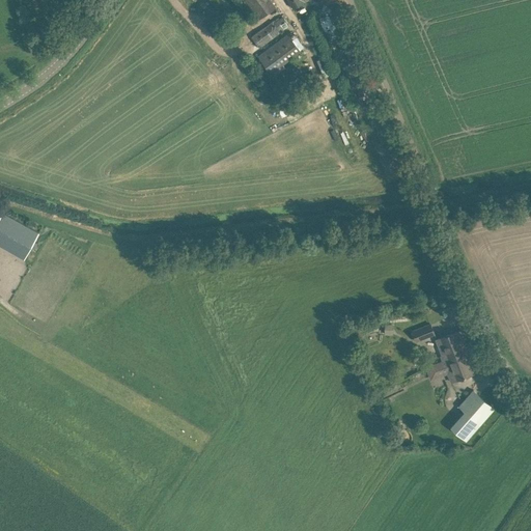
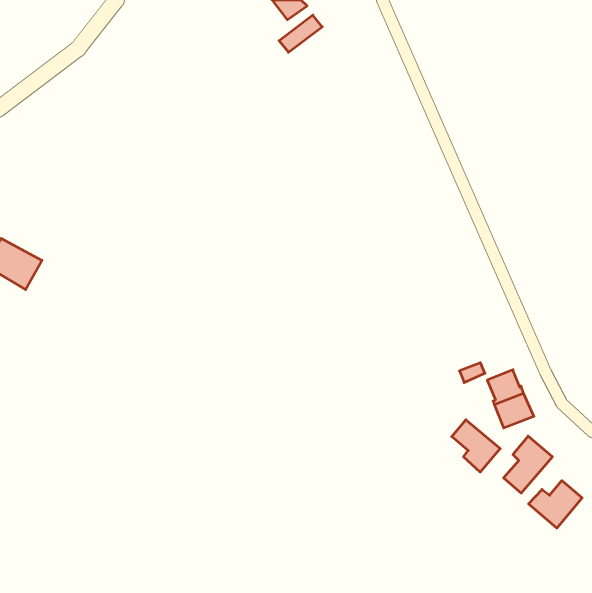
building: [256,34,299,73] -> none
building: none -> [452,420,500,472]
building: none -> [529,481,582,528]

